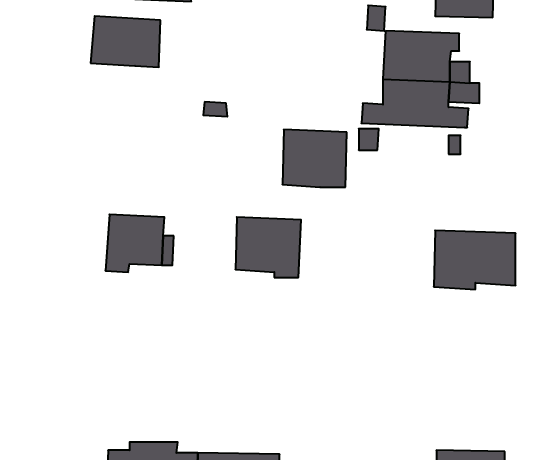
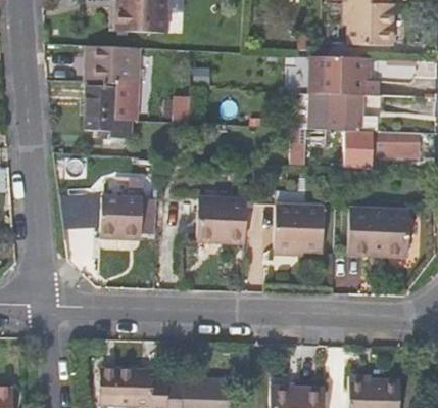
building: none -> [85,85,129,139]
building: none -> [371,129,415,157]
building: [282,130,347,187] -> [275,205,324,248]

